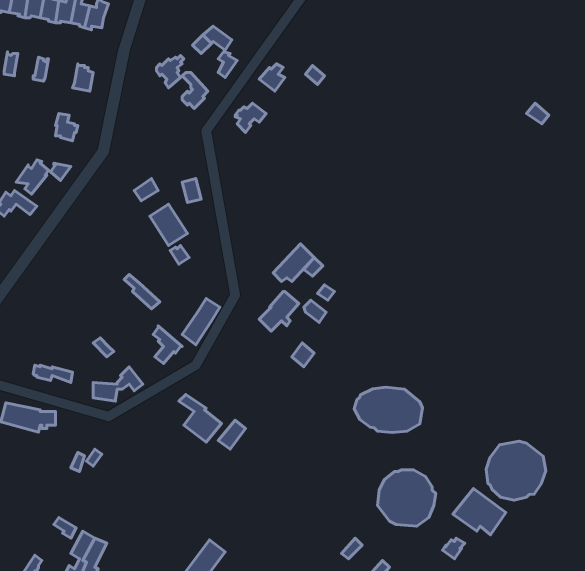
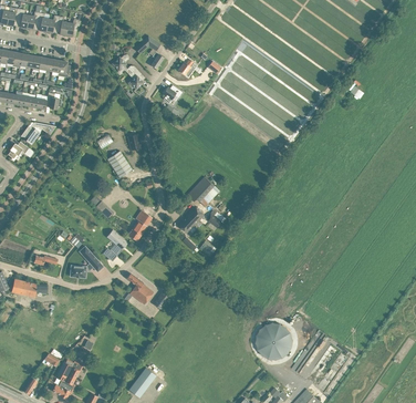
building: [354,387,422,432] -> none
building: [486,441,546,500] -> none

